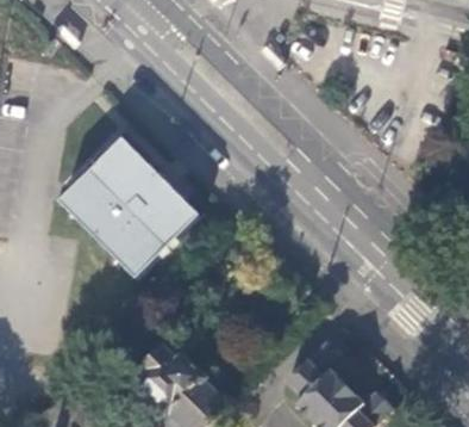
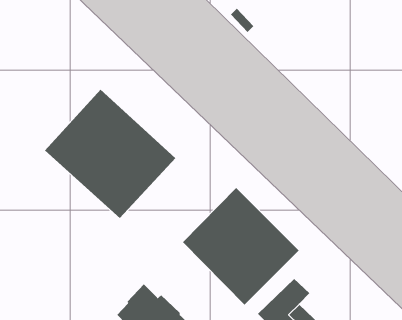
building: none -> [182,187,299,305]

